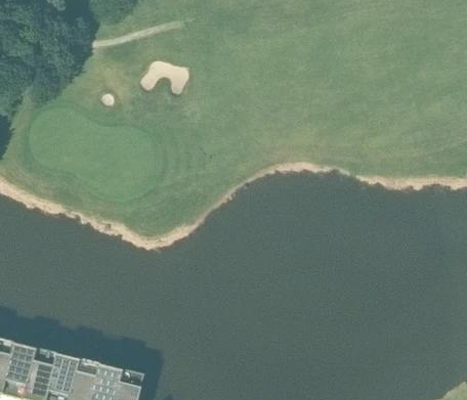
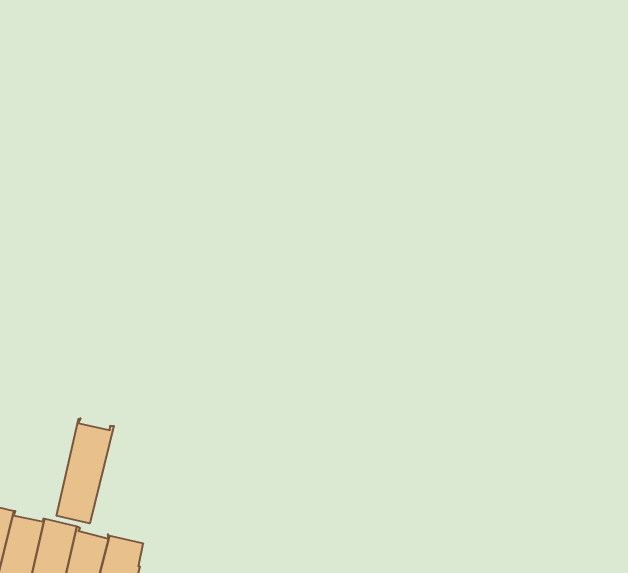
building: none -> [56,418,114,523]

